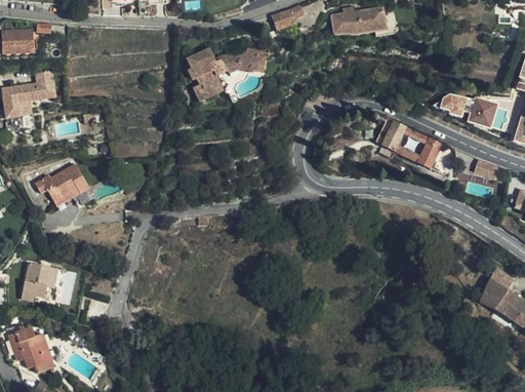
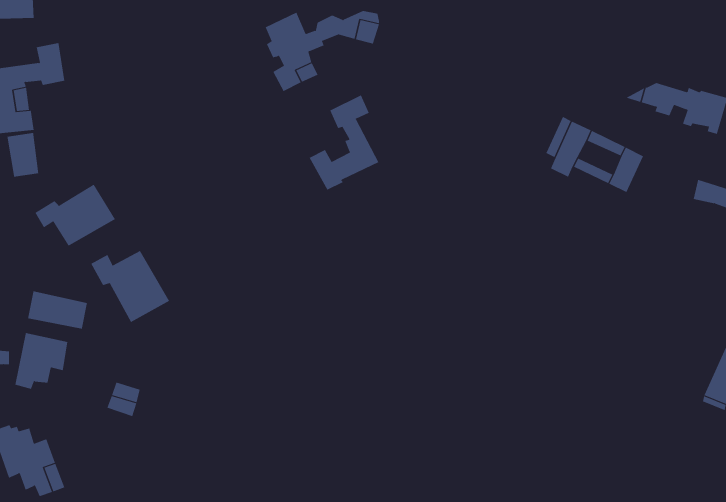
building: none -> [309,94,379,191]
building: none -> [7,132,39,178]
building: none -> [91,250,170,323]
building: none -> [27,291,88,330]

